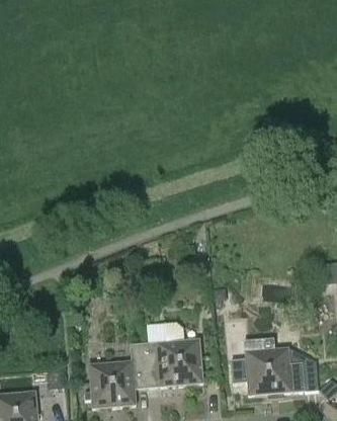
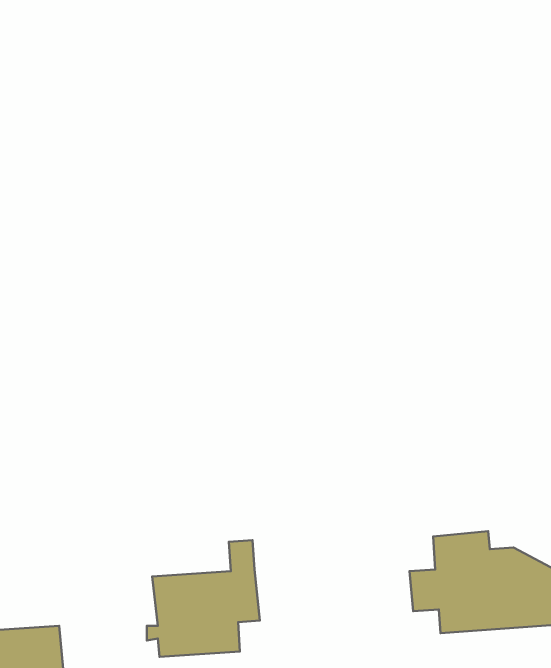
building: [143,322,202,388] -> none

